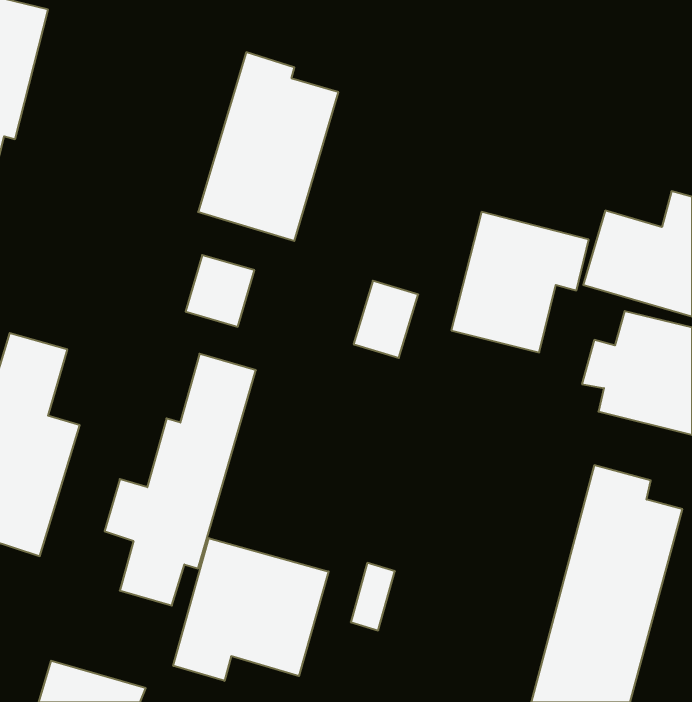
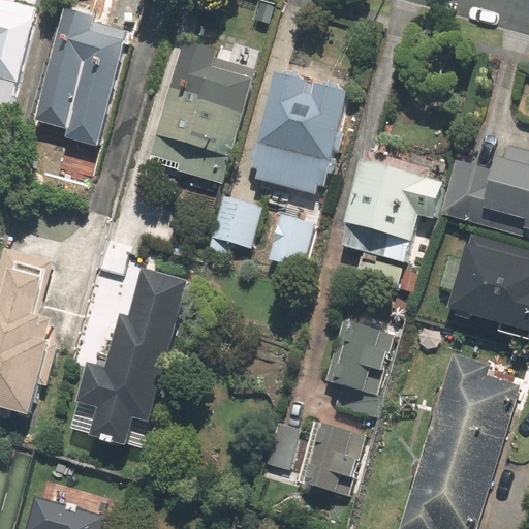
building: none -> [36,5,128,154]
building: none -> [249,68,346,196]
building: [186,255,254,327] -> [210,193,261,247]
building: none -> [321,317,397,398]
building: [173,538,329,681] -> none
building: none -> [293,419,366,495]

